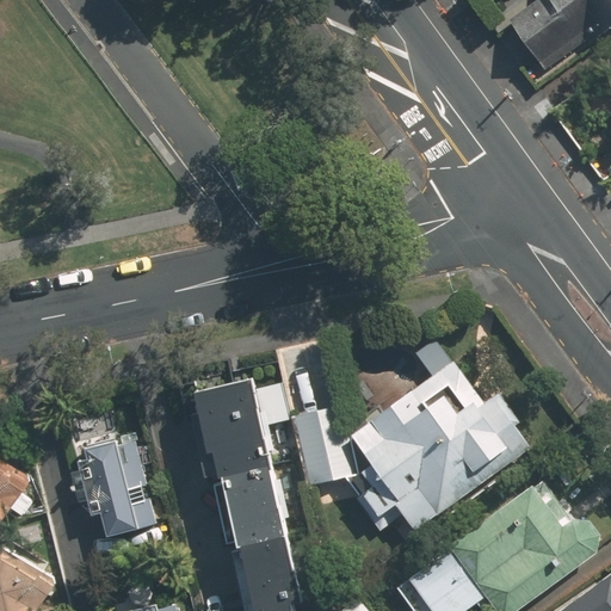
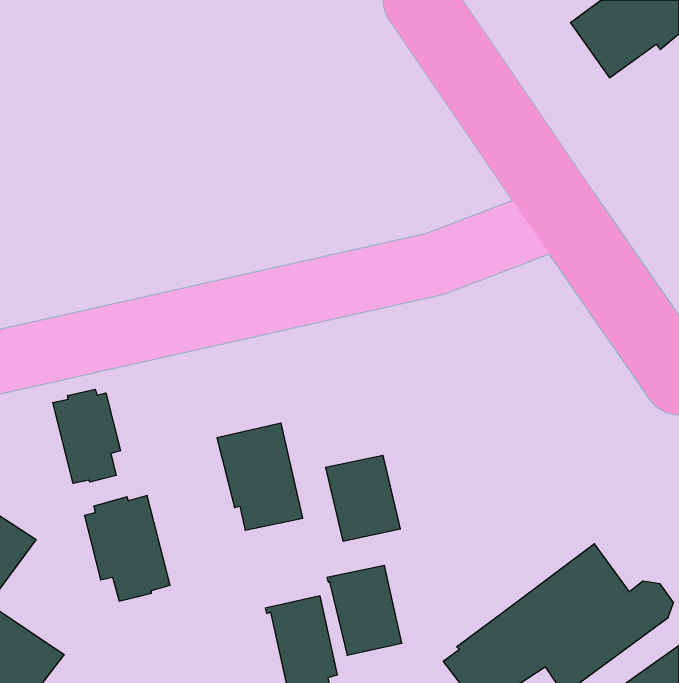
building: none -> [53,389,121,483]
building: [350,360,530,532] -> none
building: [218,463,285,543] -> [327,566,402,655]

